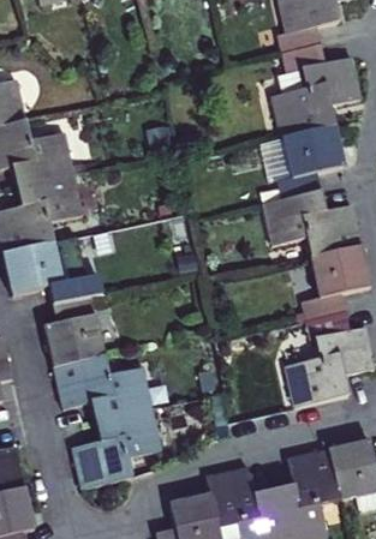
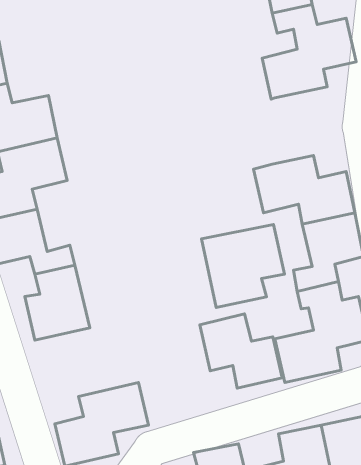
building: [279,124,344,198] -> none
building: none -> [201,224,285,307]
building: none -> [200,314,282,388]
building: [53,355,153,421] -> none

